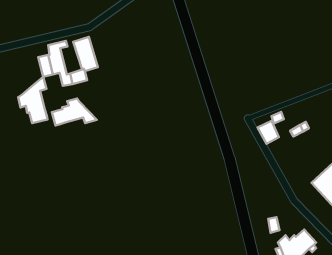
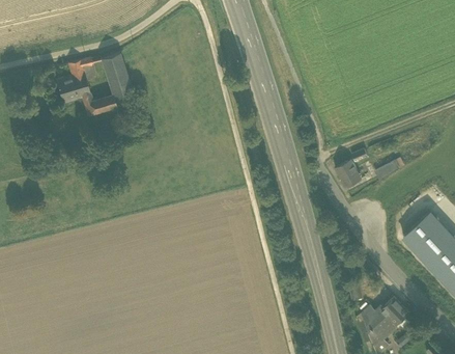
building: [18,77,47,123] -> none
building: [52,98,97,125] -> none

